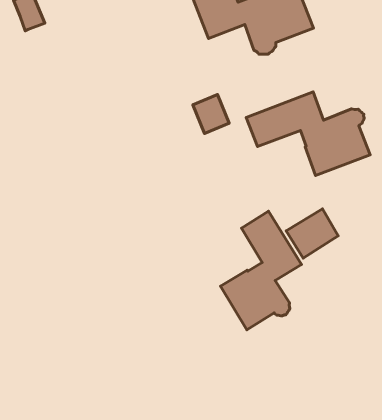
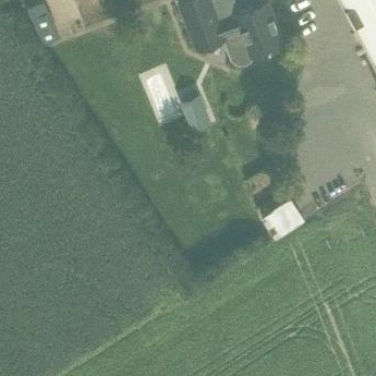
building: [246,92,370,175] -> none
building: [221,211,302,330] -> none

